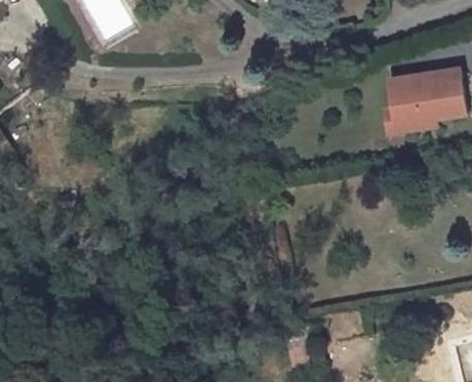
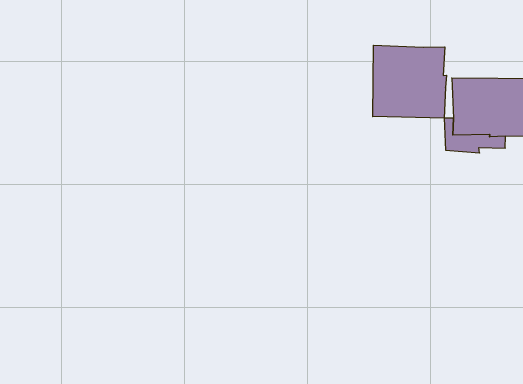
building: none -> [373,45,446,118]

